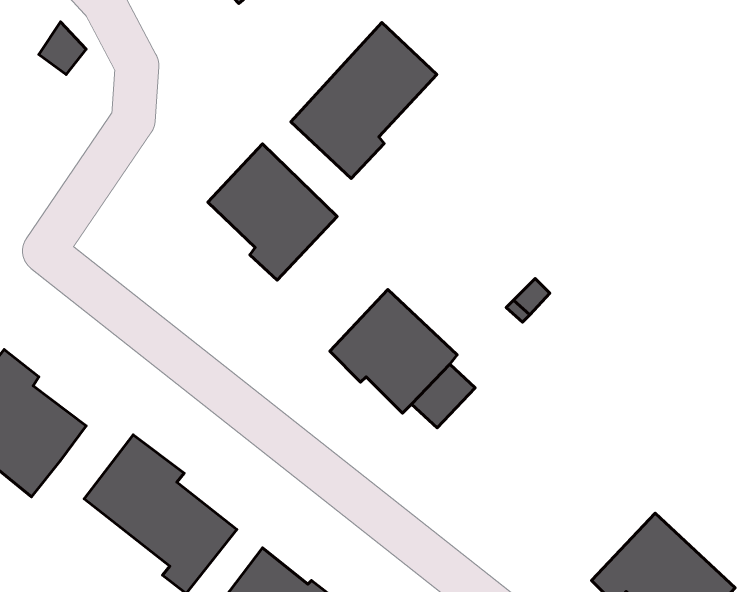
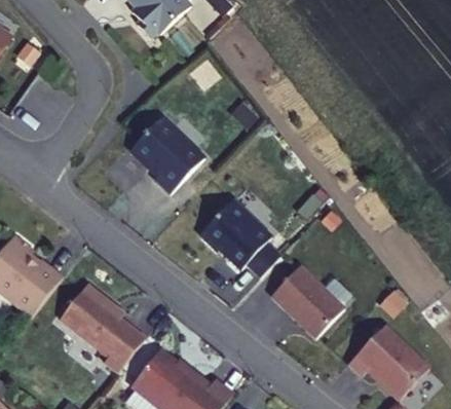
building: [291,22,437,179] -> none
building: none -> [270,266,342,338]

